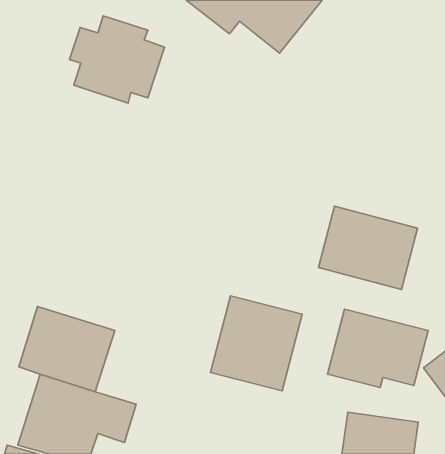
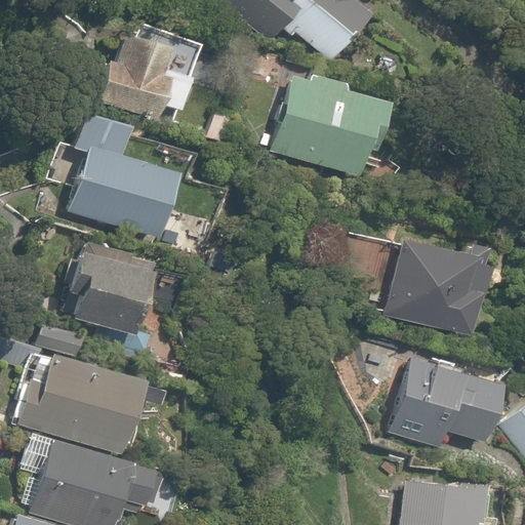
building: none -> [269,70,390,177]
building: none -> [71,107,179,237]
building: none -> [71,241,155,337]
building: [210,296,302,391] -> none

